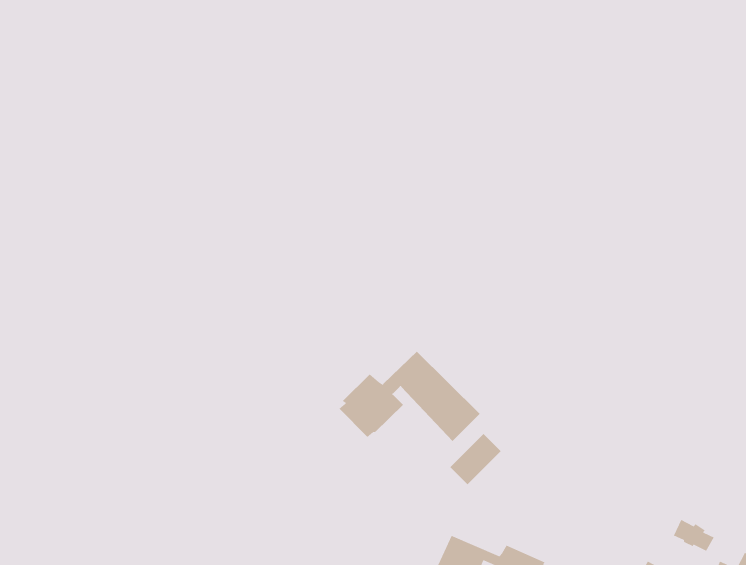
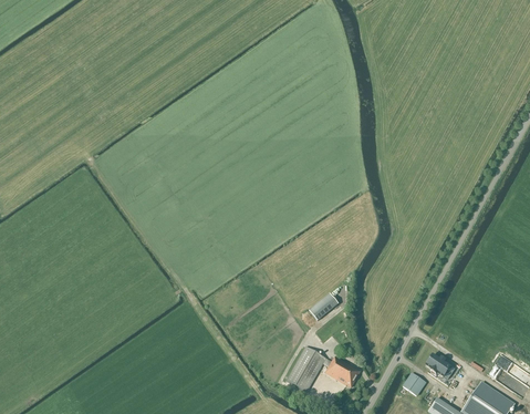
building: [338,351,481,442] -> none

